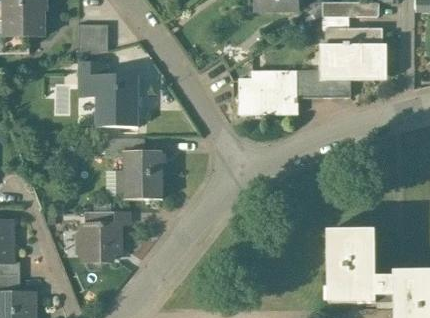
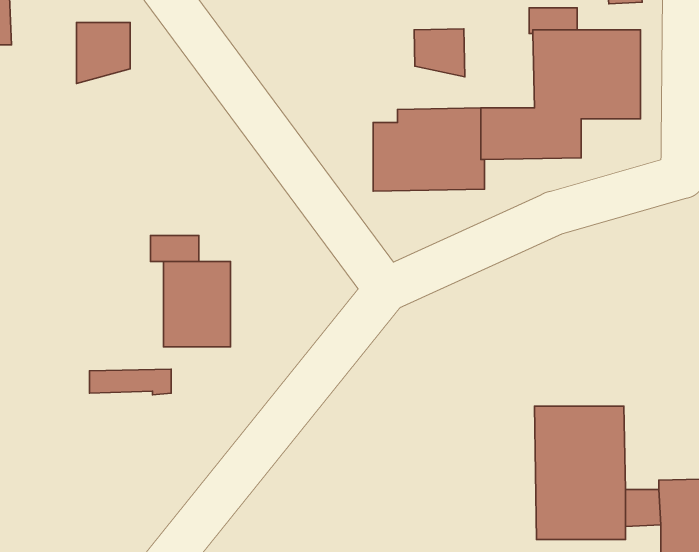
building: none -> [414,29,465,77]
building: [78,60,136,125] -> none
building: [83,222,119,261] -> none

